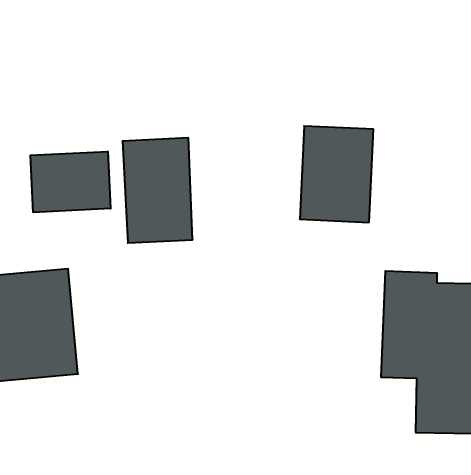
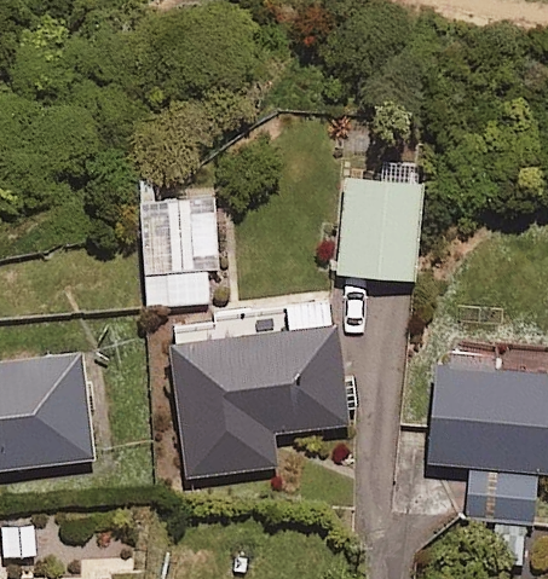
building: [30,151,111,212] -> none
building: none -> [168,295,345,471]

